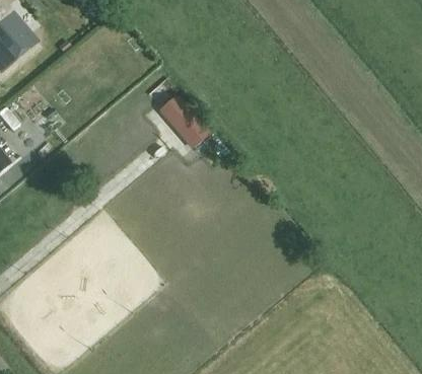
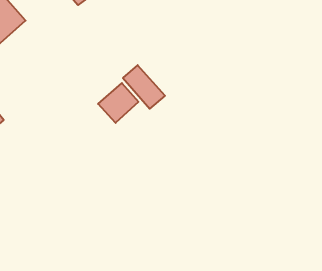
building: none -> [98,83,138,123]

